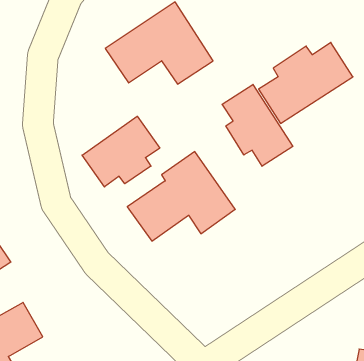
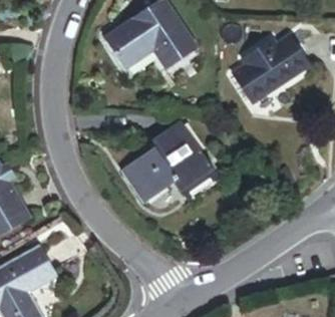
building: [222,84,293,166] -> none
building: [82,116,160,187] -> none

